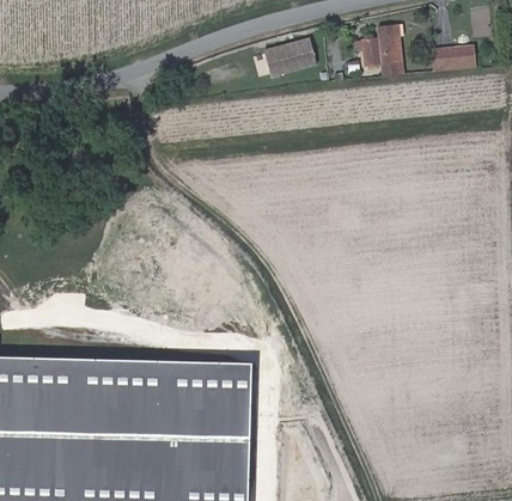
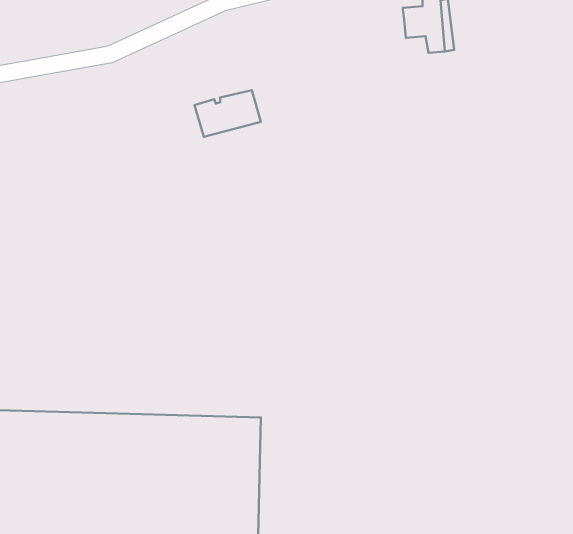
building: [260,39,312,77] -> [195,90,261,137]
building: [431,45,475,71] -> none

